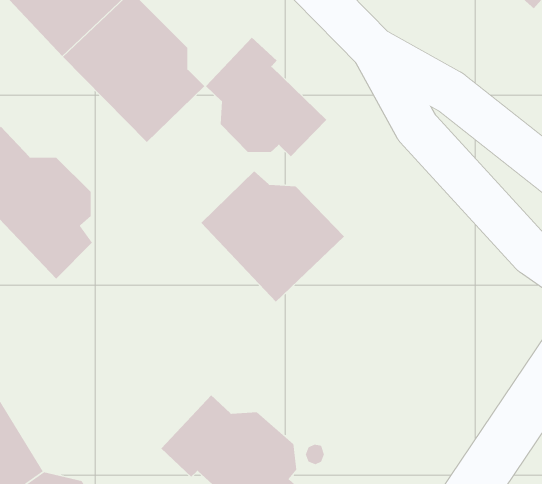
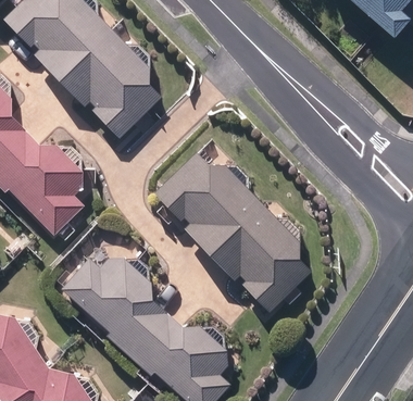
building: [205,37,327,157] -> none
building: none -> [210,202,308,310]
building: none -> [62,259,164,352]

